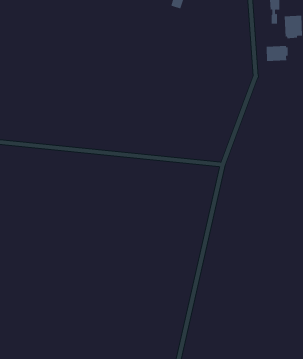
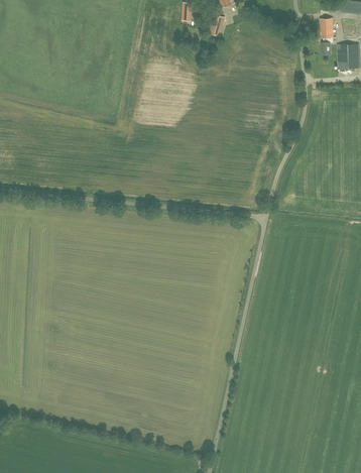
building: [266,45,288,62] -> none

